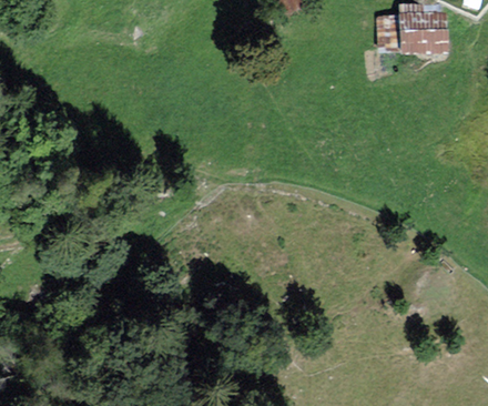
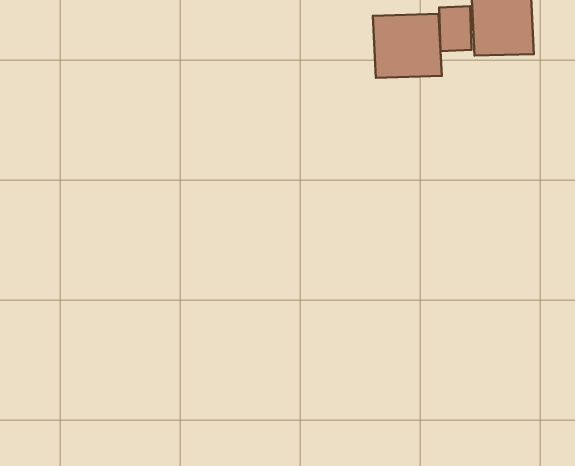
building: none -> [373,14,442,78]

